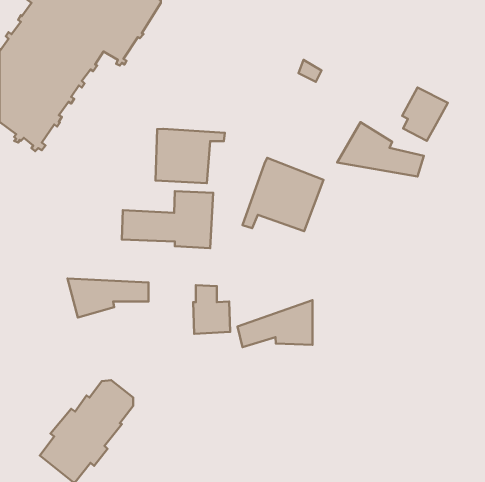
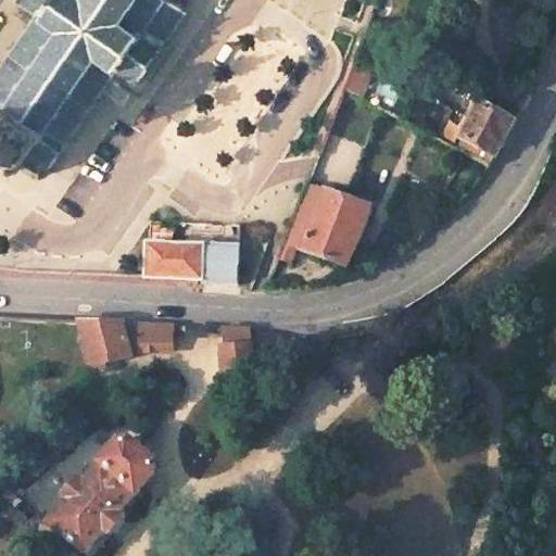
building: [337,122,424,177] -> none
building: [155,129,225,183] -> none
building: [238,300,313,347] -> none

